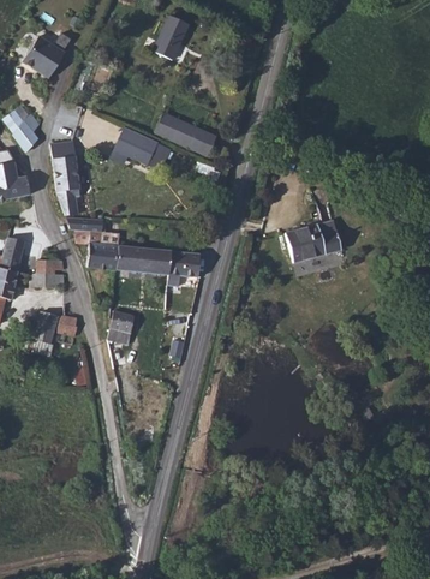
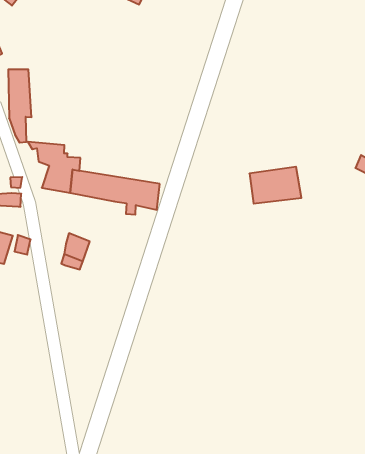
building: [159,111,222,160] -> none
building: [108,130,151,168] -> none

